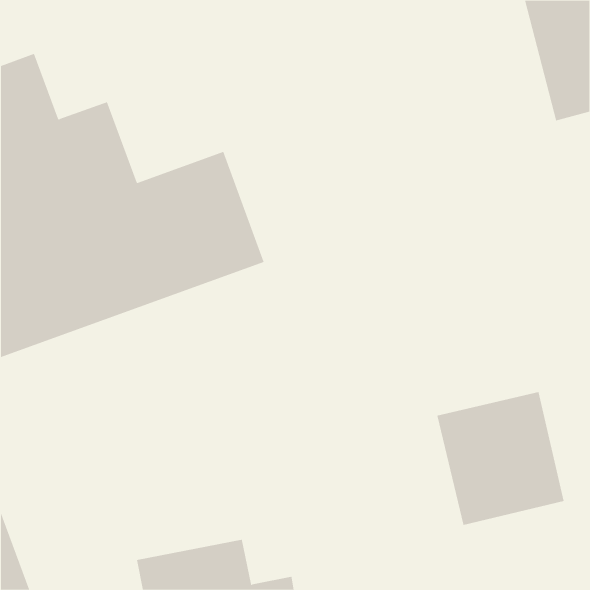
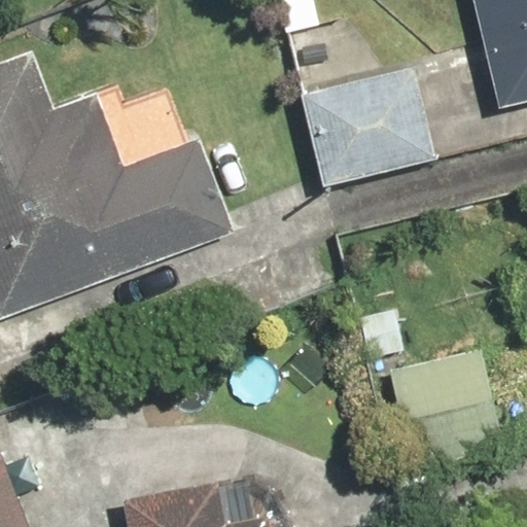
building: none -> [296,65,434,187]

